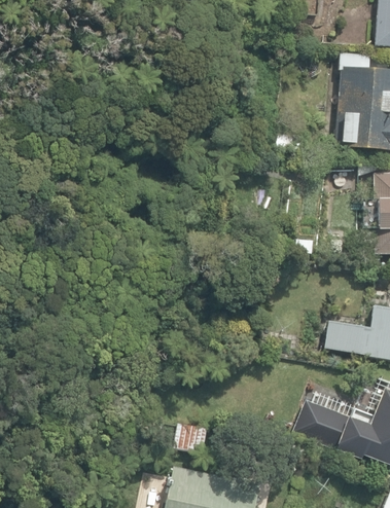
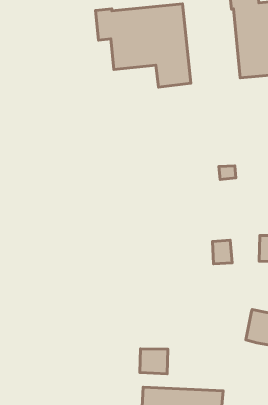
building: none -> [95,4,191,87]

